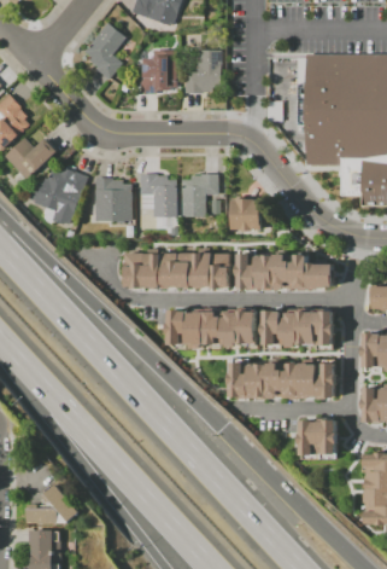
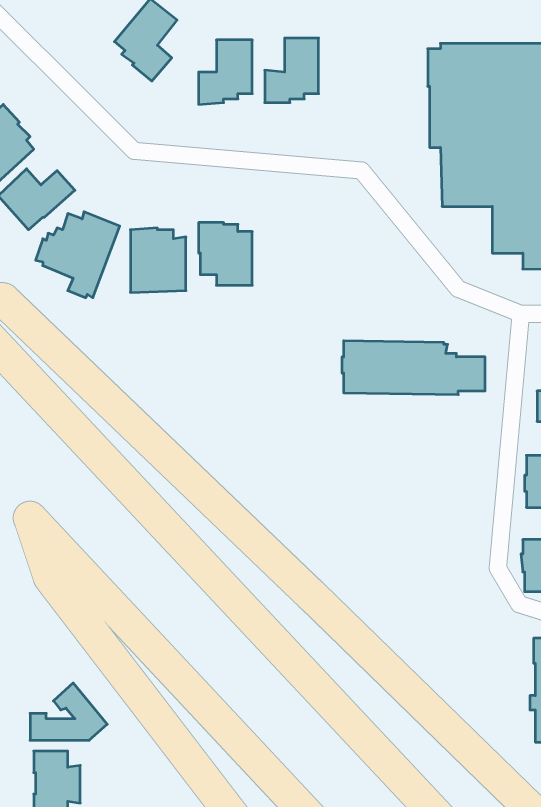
building: [182,174,219,216] -> none
building: [231,197,262,231] -> none
building: [125,254,230,289] -> none
building: [169,309,257,348] -> none
building: [263,310,335,346] -> none
building: [230,362,336,399] -> none
building: [300,419,339,454] -> none

